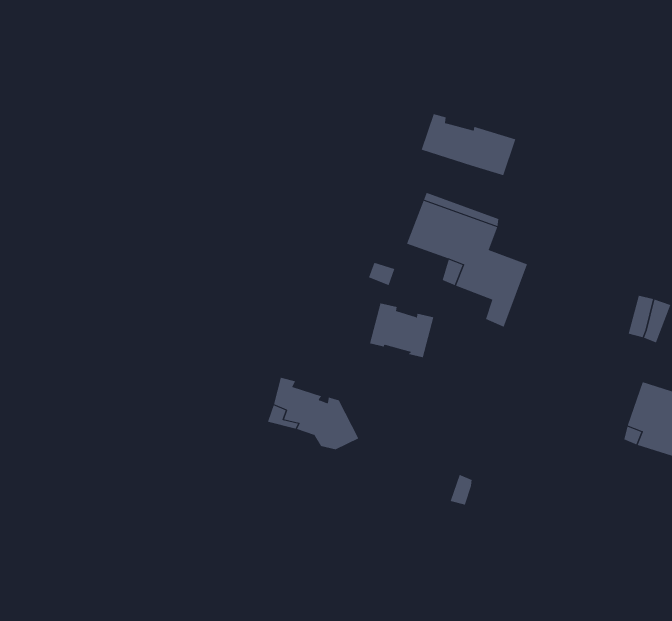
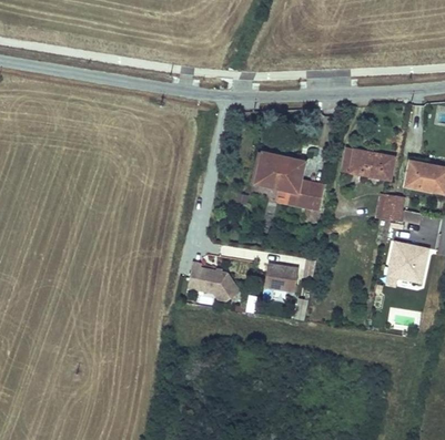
building: [421,113,516,176] -> [343,149,395,178]
building: [369,303,434,358] -> [264,265,299,293]

